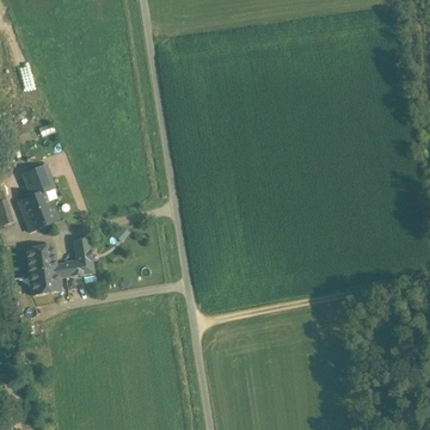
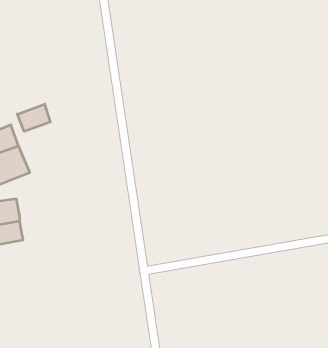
building: none -> [17,104,50,131]
building: [55,239,92,276] -> none

